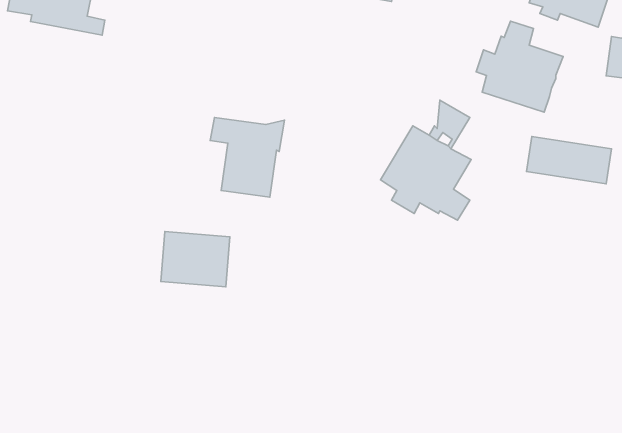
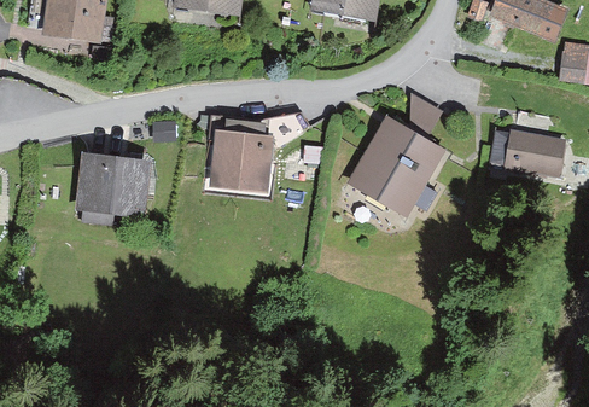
building: [476,21,563,112] -> none
building: [161,232,230,287] -> [83,159,145,209]

